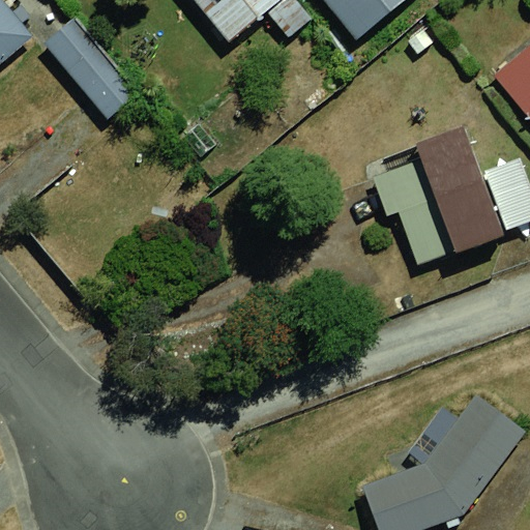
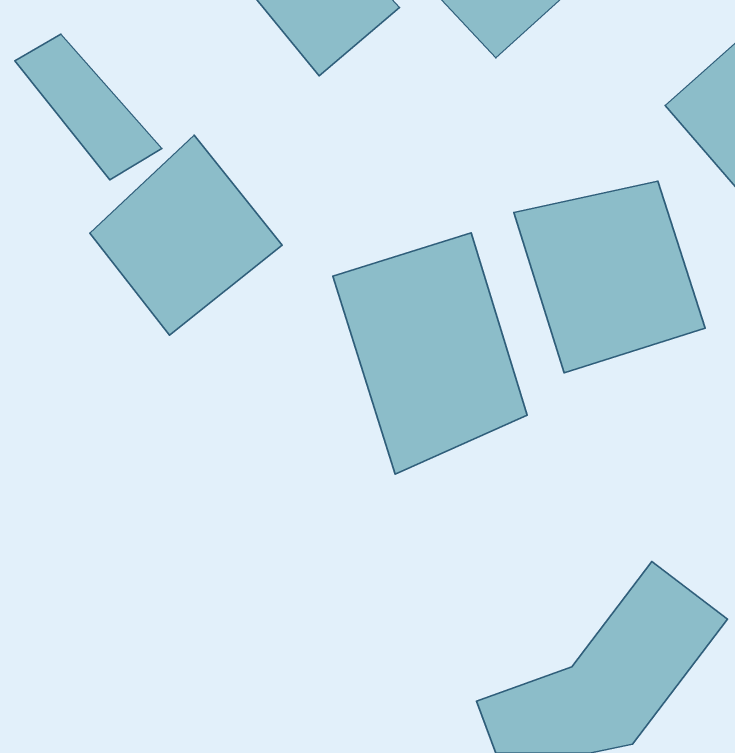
building: none -> [90,135,282,335]
building: none -> [333,233,527,474]

